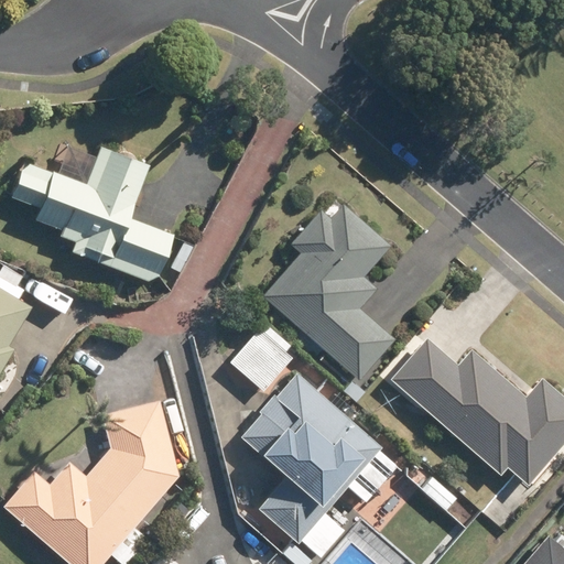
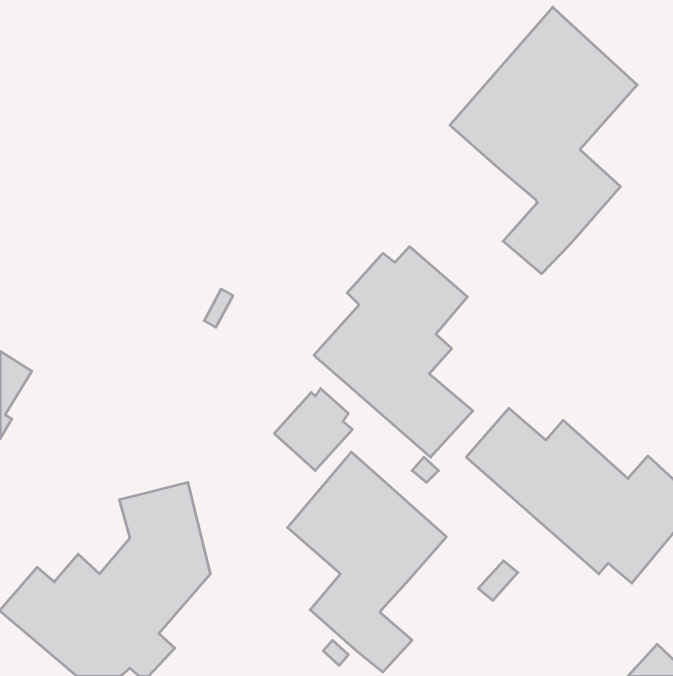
building: none -> [450,7,637,274]
building: [11,147,173,281] -> none

